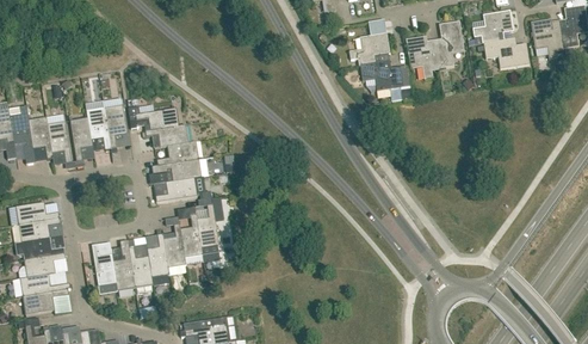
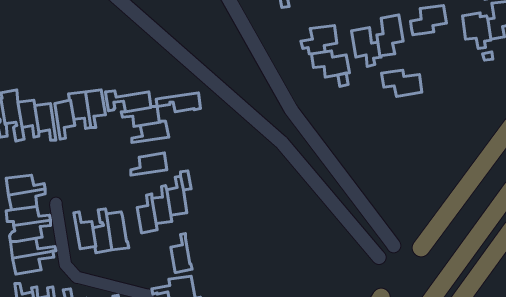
building: [483,38,528,68] -> [382,70,422,96]
building: [151,159,202,180] -> [156,93,201,112]
building: [147,233,171,277] -> [171,233,192,272]

